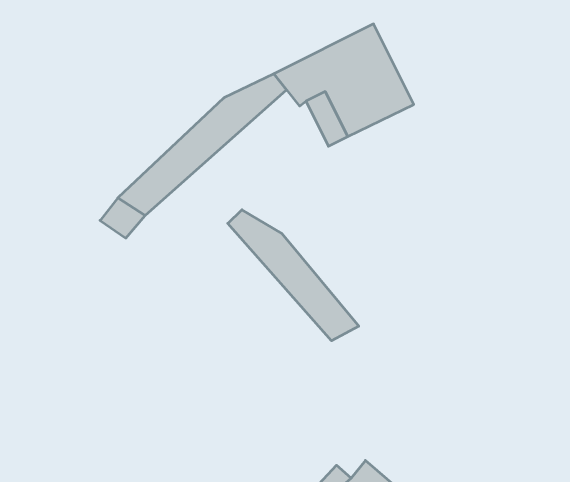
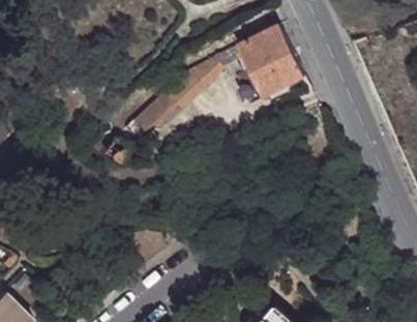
building: [228,210,359,341] -> none

